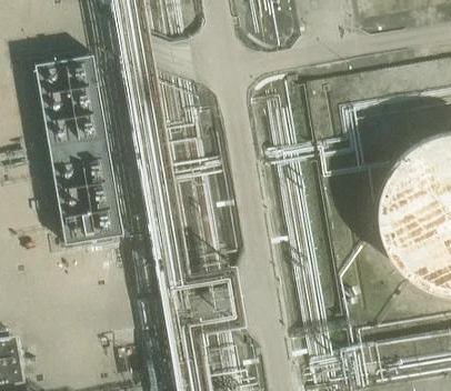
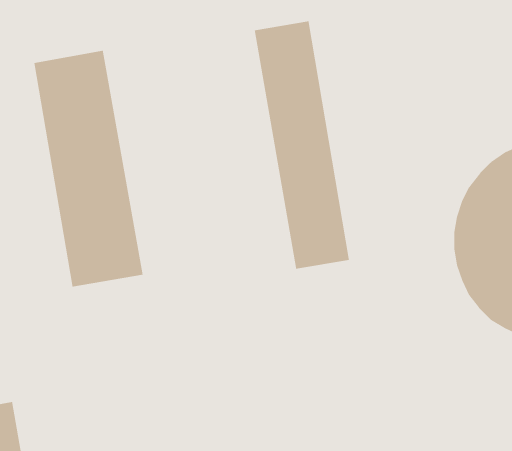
building: none -> [254,20,350,269]

